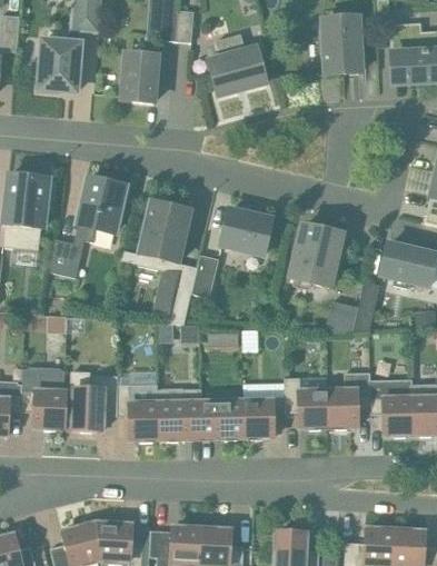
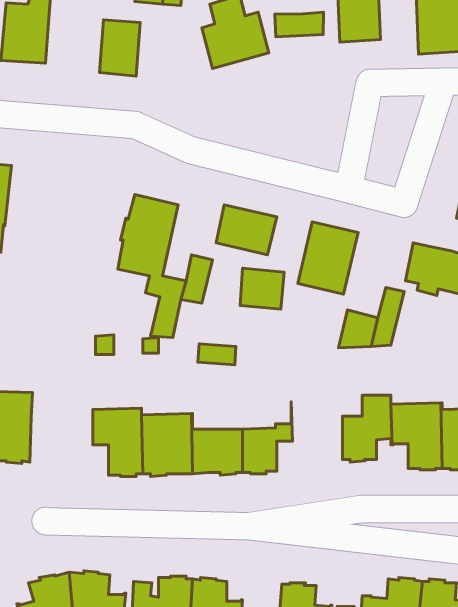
building: none -> [275,12,323,37]
building: [50,179,125,278] -> none
building: none -> [240,268,284,309]
building: [71,371,117,431] -> none
building: [285,378,328,429] -> none

